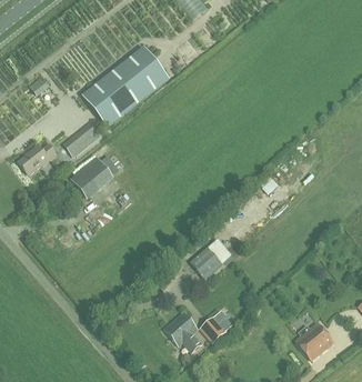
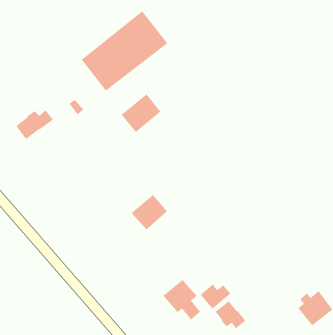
building: [71,158,111,197] -> [121,94,161,133]
building: [189,243,225,279] -> [131,194,168,230]
building: none -> [215,300,246,329]

